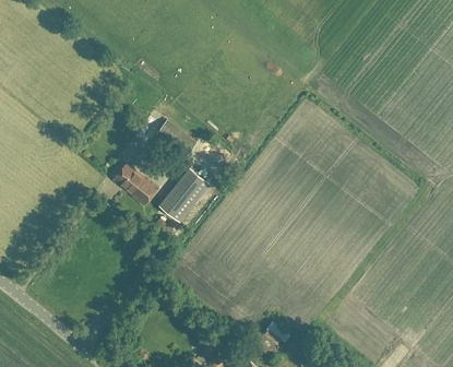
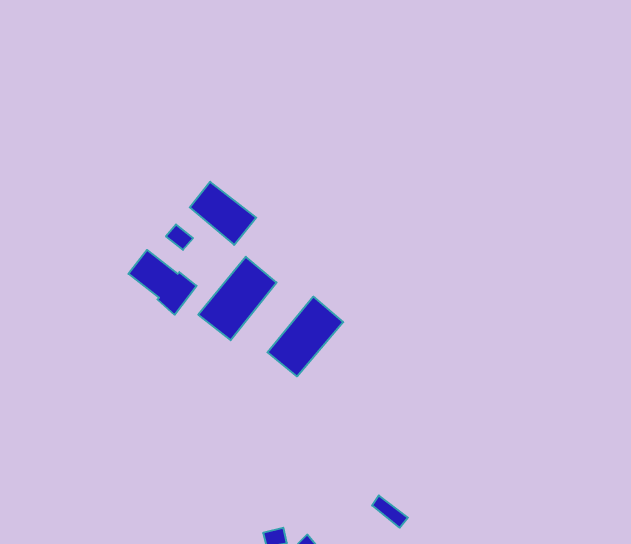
building: none -> [267,297,343,376]

